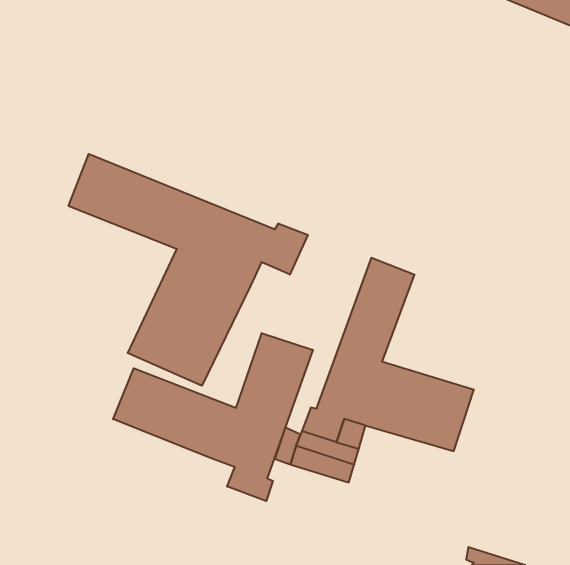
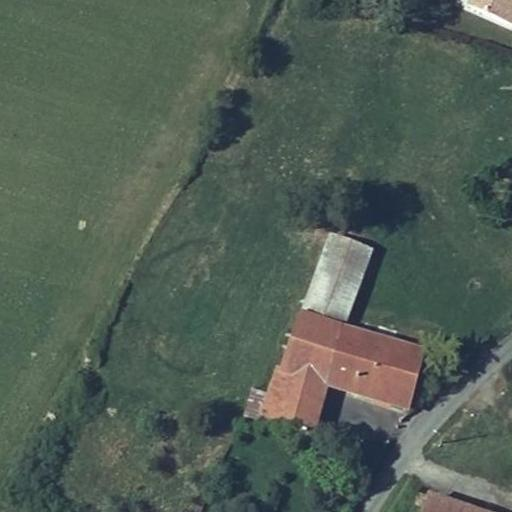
building: [69,154,308,386] -> none
building: [113,333,313,501] -> none

